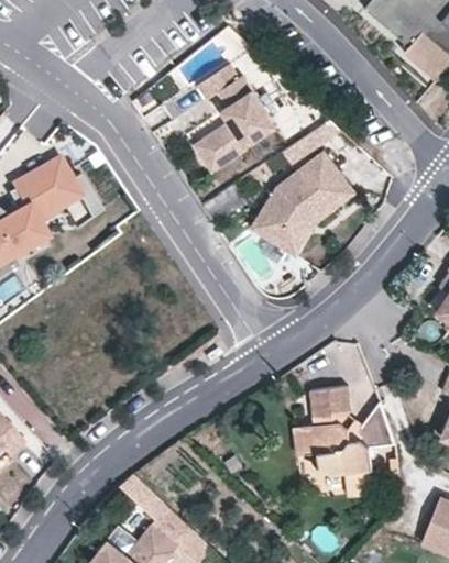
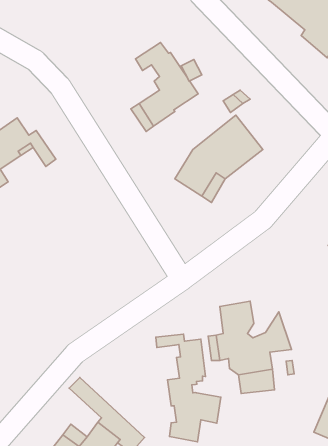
building: none -> [156,334,221,442]

